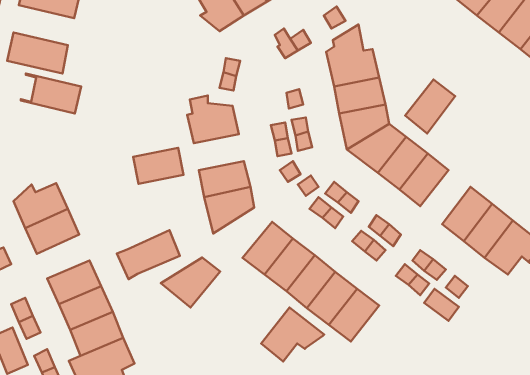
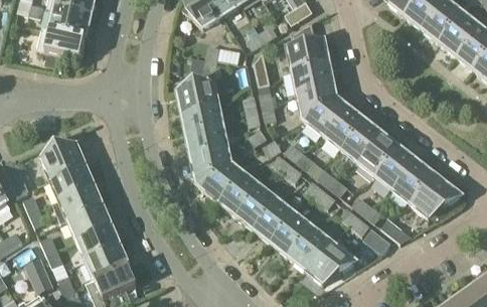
building: [21,74,81,113] -> [42,5,90,36]
building: [405,79,455,134] -> [360,134,399,176]
building: [133,148,183,184] -> [183,106,222,134]
building: [117,230,180,279] -> [52,184,102,222]
building: [161,257,220,308] -> [198,163,245,202]
building: [261,308,324,362] -> [306,240,355,282]

